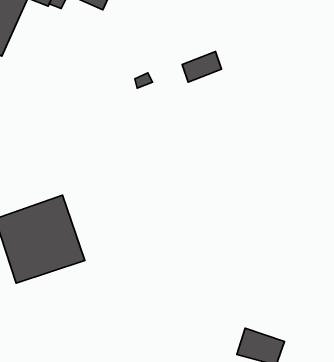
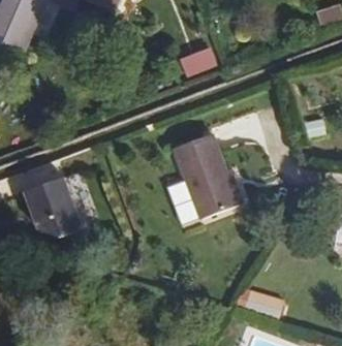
building: none -> [172,134,238,215]

